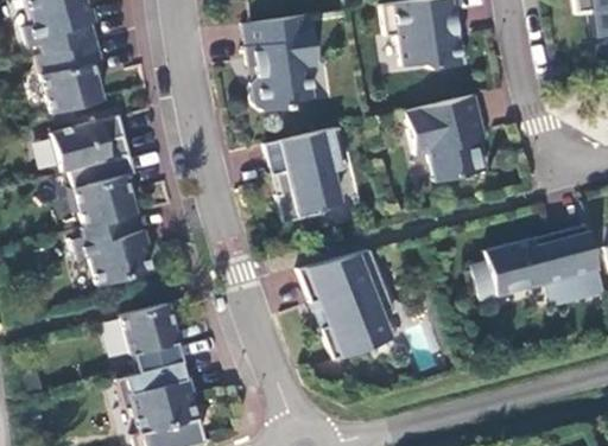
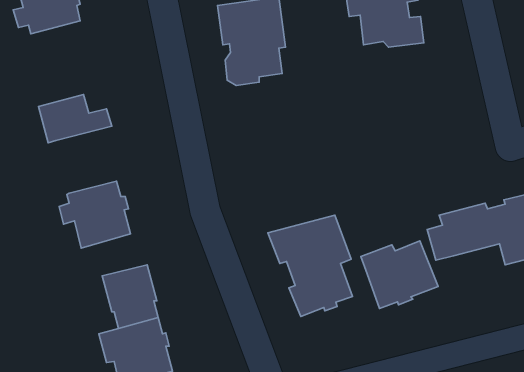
building: [36,40,102,114] -> none
building: [406,95,488,181] -> none
building: [266,127,348,223] -> none
building: [70,154,135,227] -> none
building: none -> [361,241,438,309]

